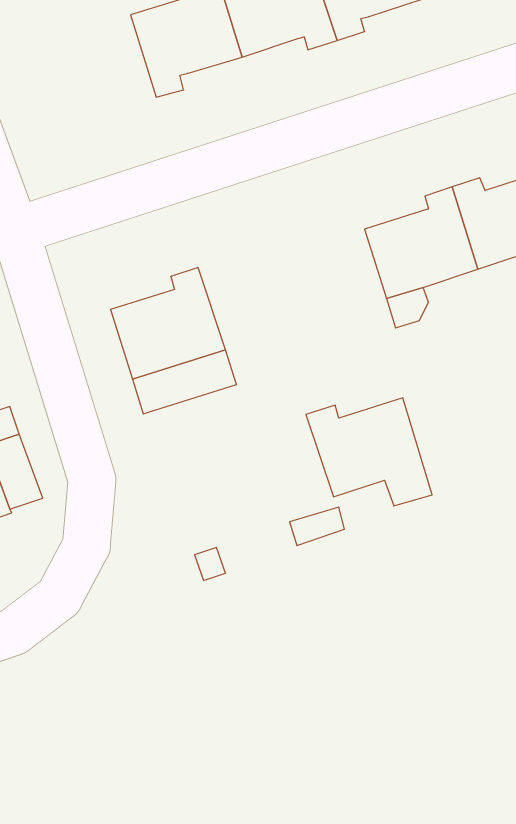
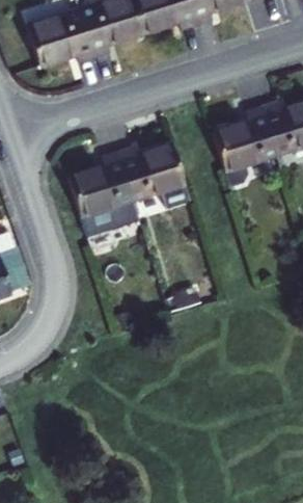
building: none -> [26,9,93,65]
building: [306,398,432,506] -> [117,143,189,205]

